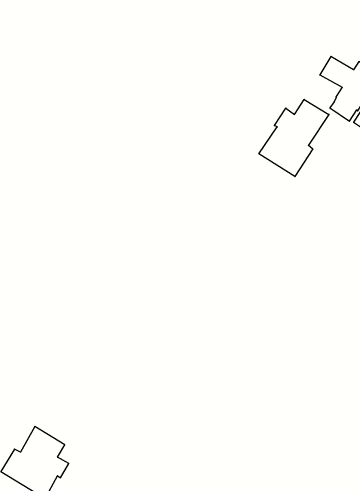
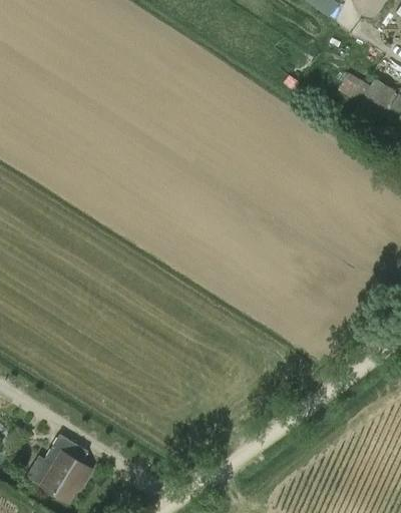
building: [259,99,329,177] -> none

